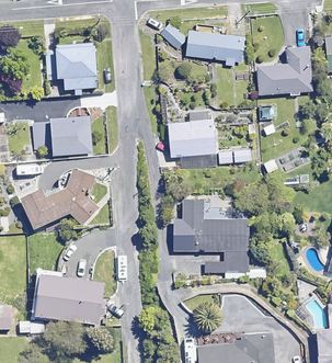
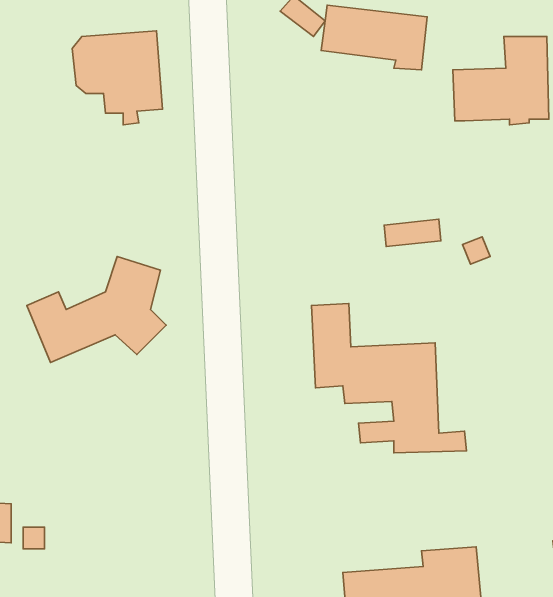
building: [34,115,91,155] -> none
building: [167,117,215,156] -> none
building: [30,273,103,324] -> none

